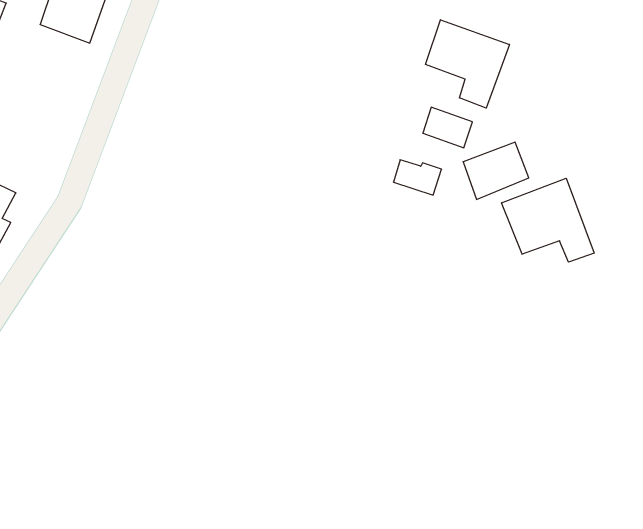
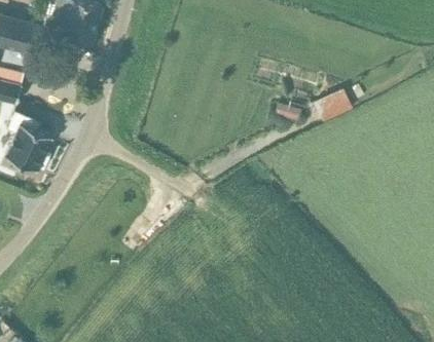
building: [426,20,509,108] -> none
building: [502,178,594,262] -> none

